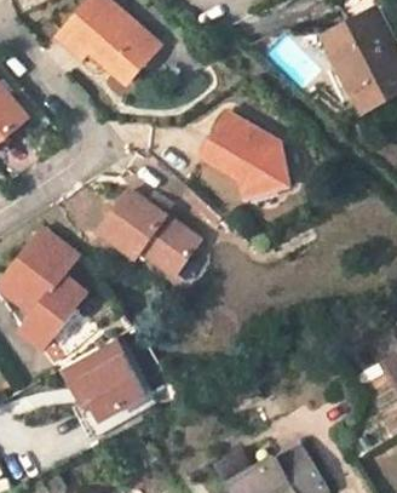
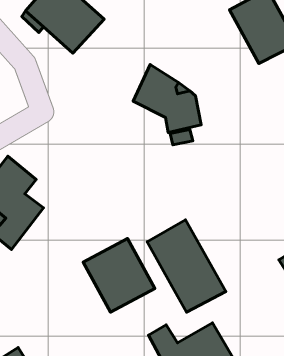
building: [97,188,199,271] -> none
building: none -> [147,220,226,312]
building: [57,339,149,434] -> [83,239,155,312]

